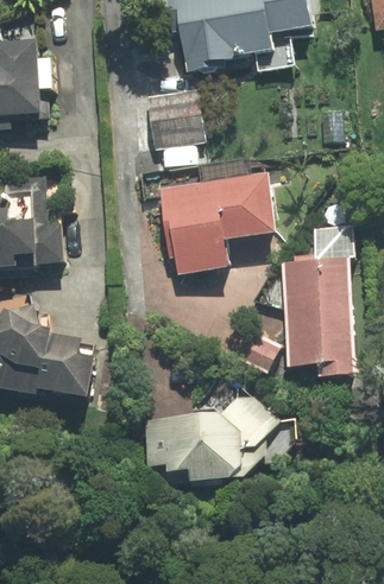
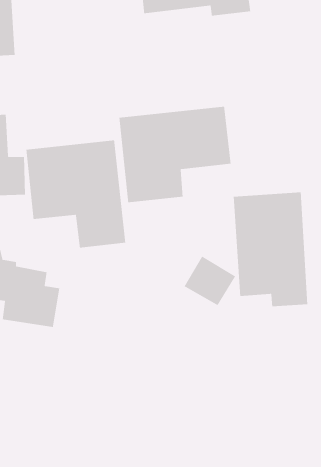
building: [144,88,204,152] -> none
building: none -> [26,140,126,249]
building: [145,389,283,485] -> none

